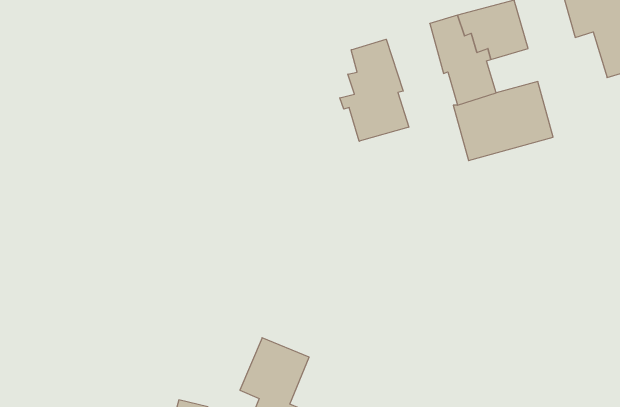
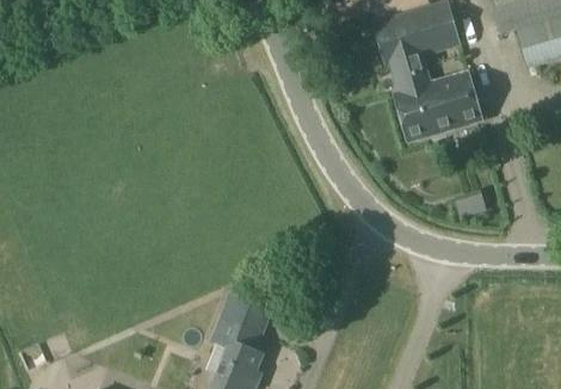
building: [340,39,409,141] -> none

